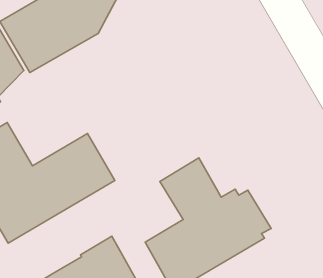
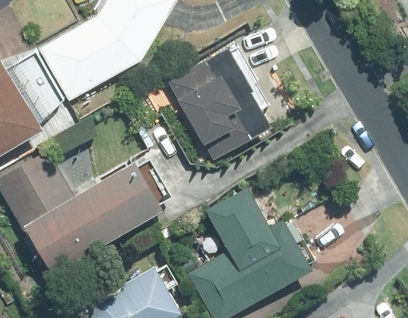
building: none -> [170,45,268,158]

